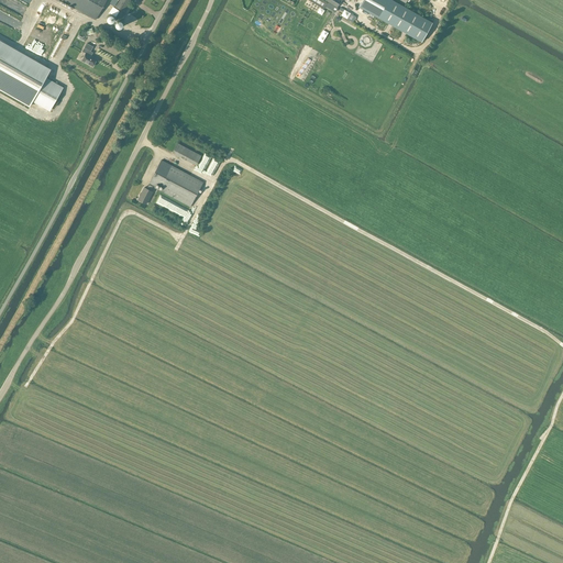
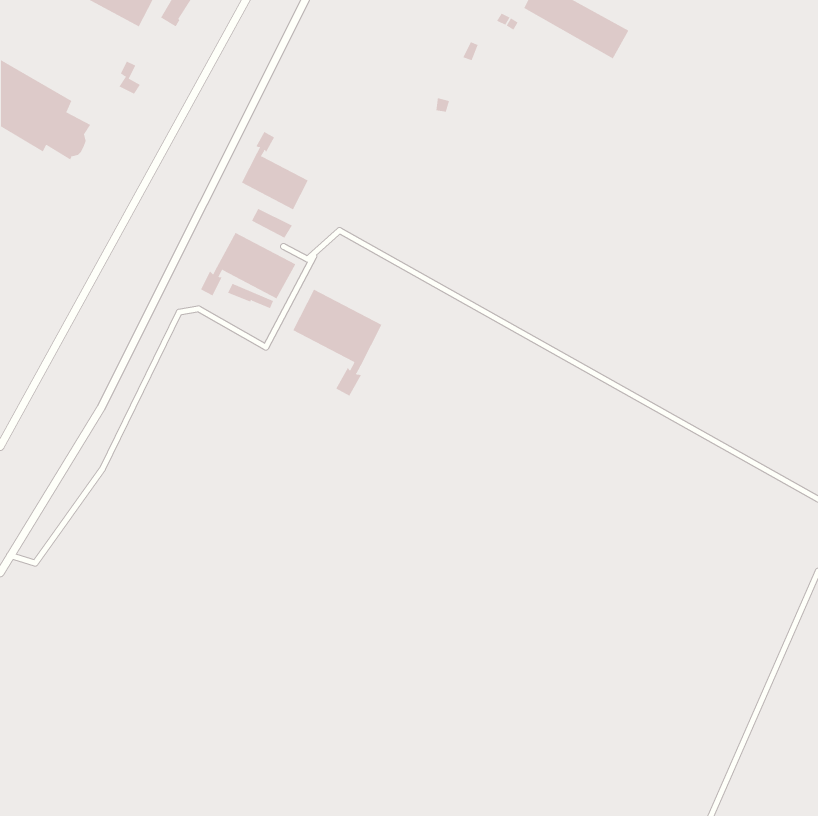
building: none -> [241,131,308,210]
building: none -> [292,289,382,397]

